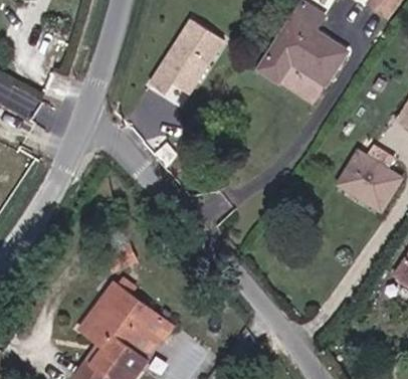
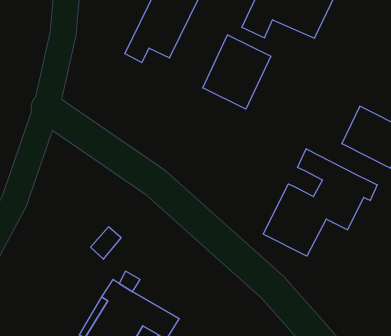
building: none -> [203,35,271,109]
building: none -> [263,149,377,256]

